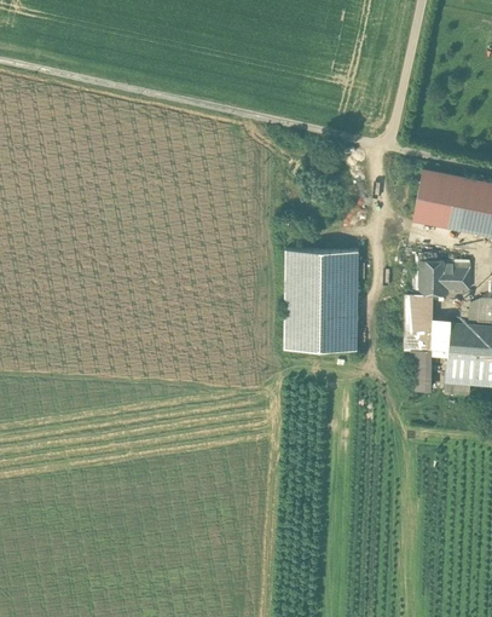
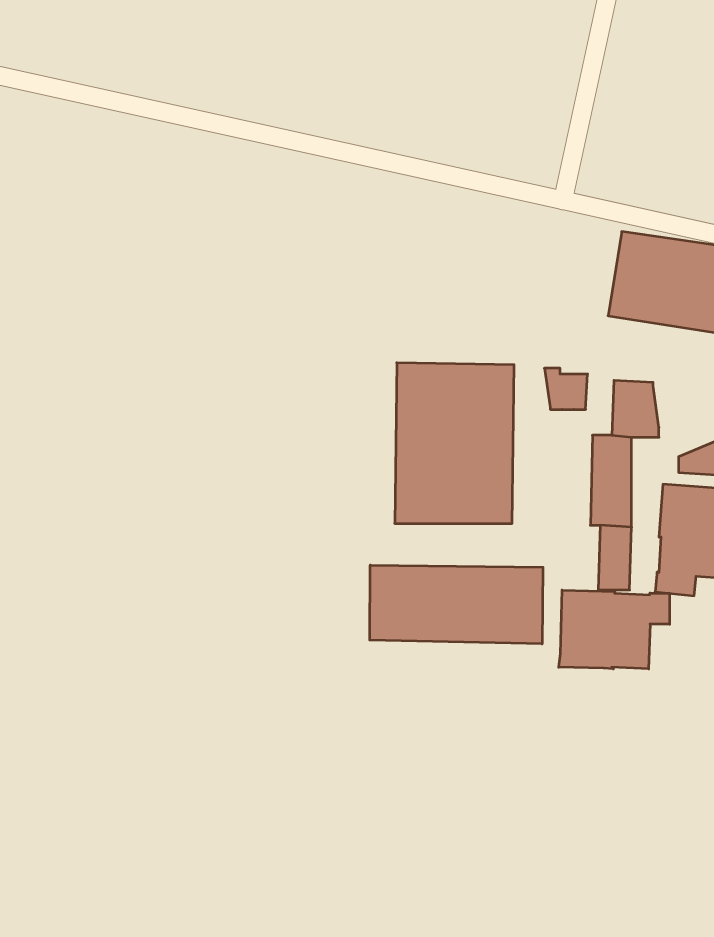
building: [444,265,470,290] -> [544,368,588,409]
building: none -> [370,565,543,644]
building: none -> [559,590,670,669]

